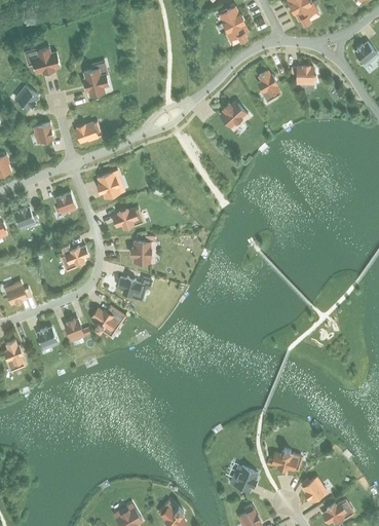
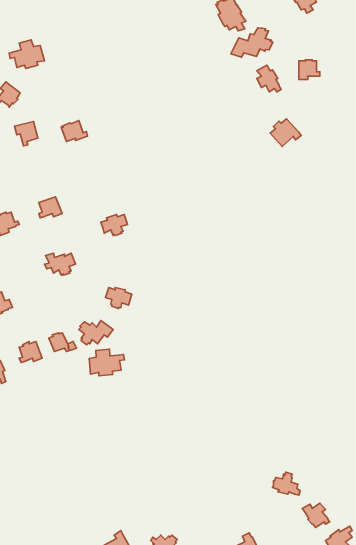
building: none -> [231,28,273,57]
building: [82,65,109,97] -> none
building: [220,102,249,127] -> [270,119,301,146]
building: [98,172,120,197] -> none
building: [131,237,155,263] -> none
building: none -> [89,349,124,376]
building: [230,465,258,492] -> none

